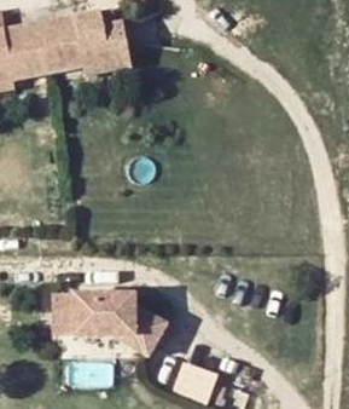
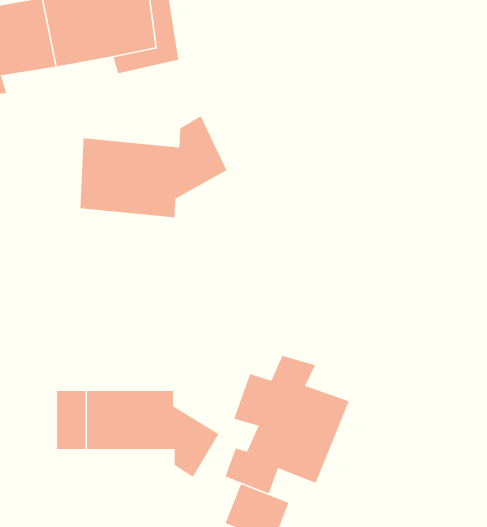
building: none -> [79,115,228,218]
building: none -> [225,355,350,494]

